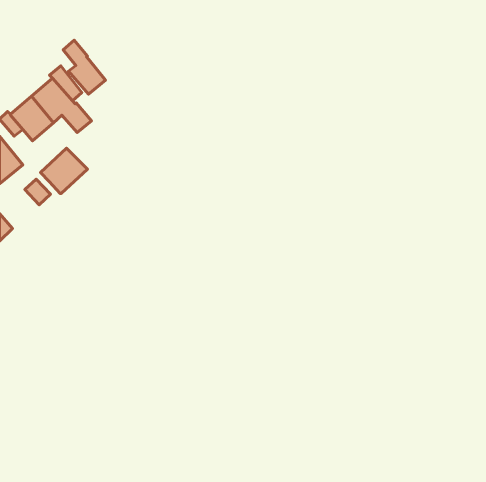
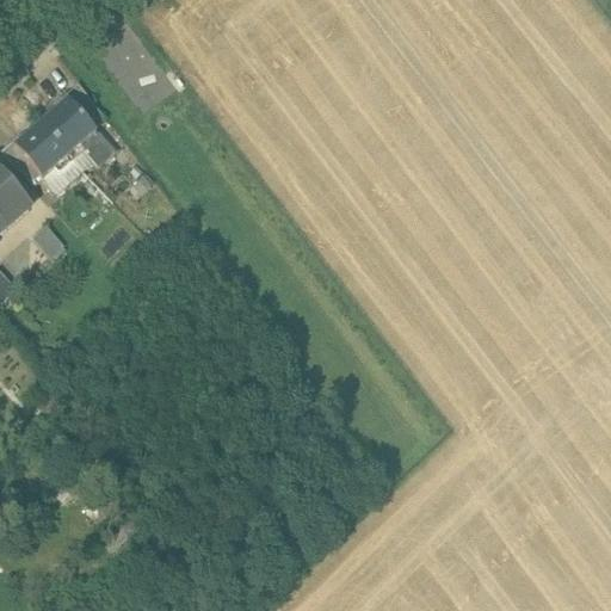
building: [63,40,106,94] -> none
building: [40,148,87,194] -> none

